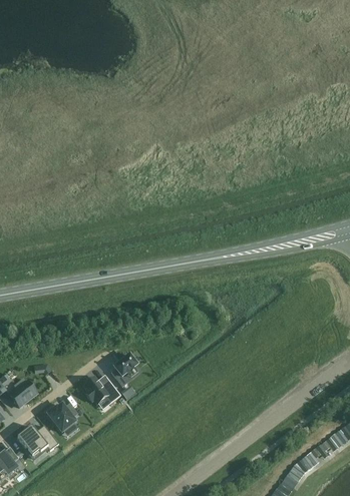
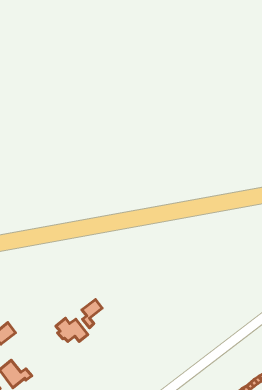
building: [48,404,77,432] -> none

